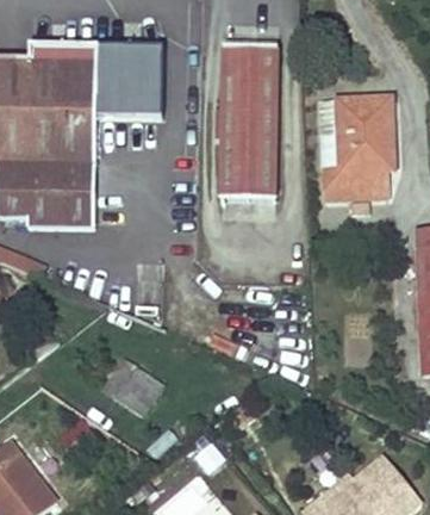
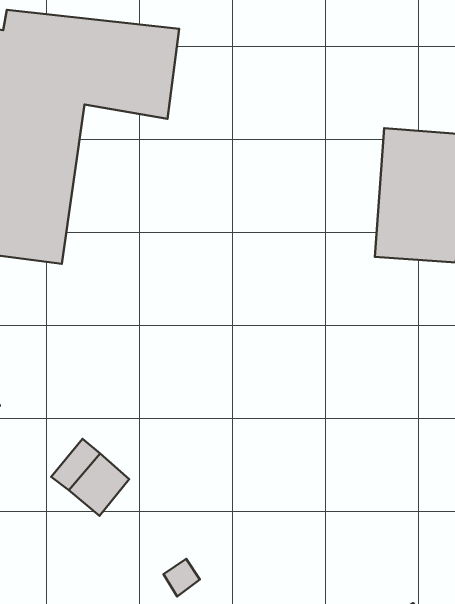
building: [222,48,279,200] -> none

